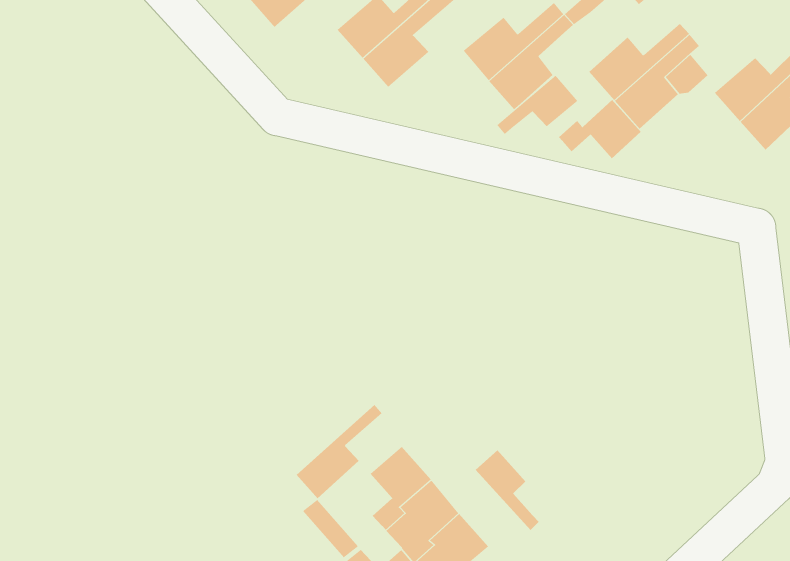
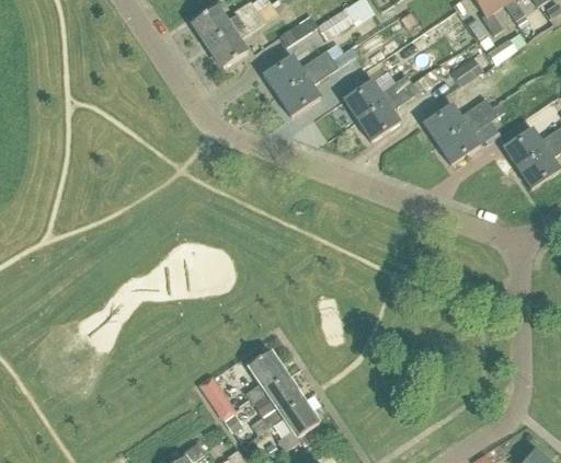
building: [497,75,578,135] -> none
building: [558,99,642,159] -> none
building: [296,404,382,499] -> none
building: [475,449,539,531] -> none

